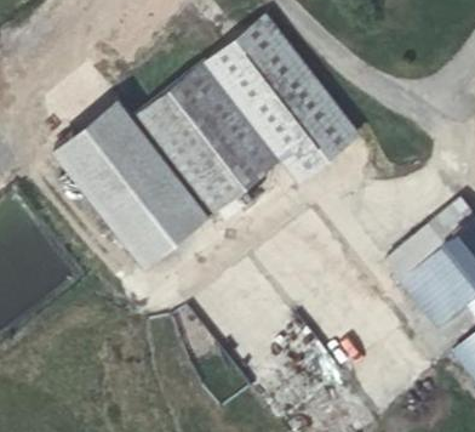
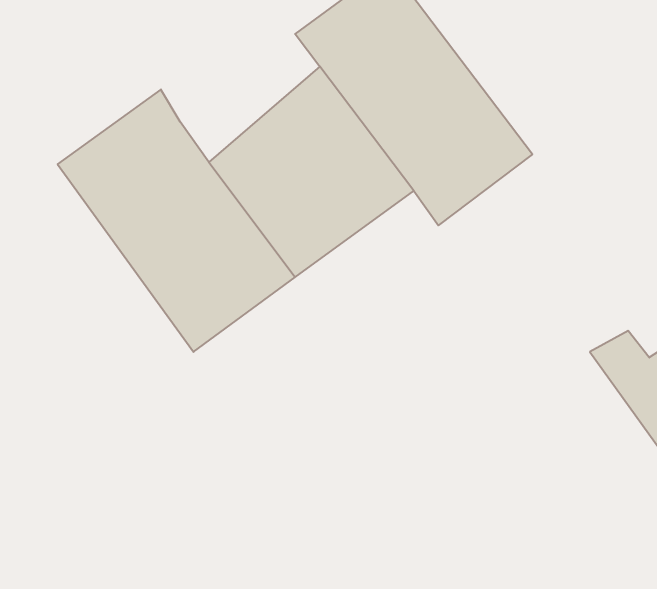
building: [133,61,222,142] -> none

